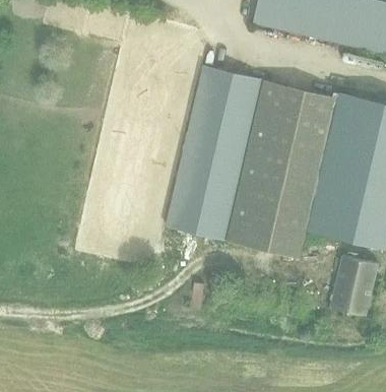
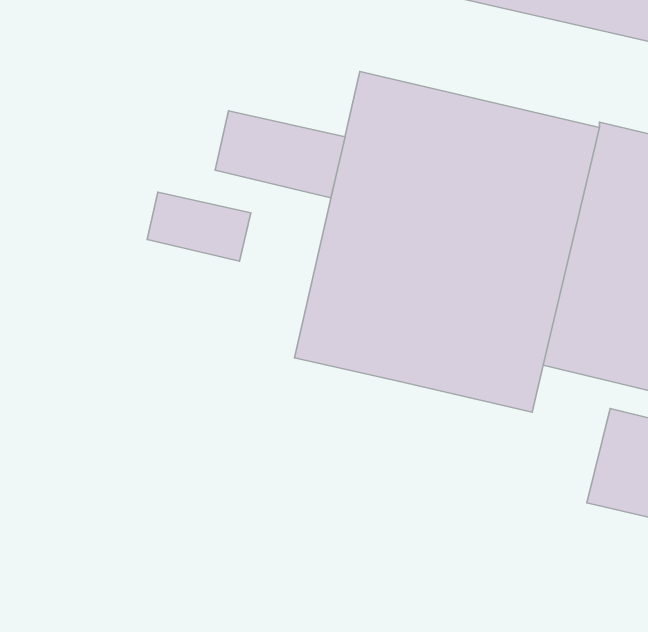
building: none -> [215,111,345,198]
building: none -> [147,192,251,261]

